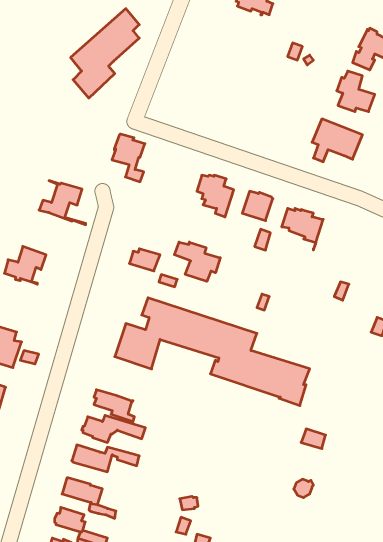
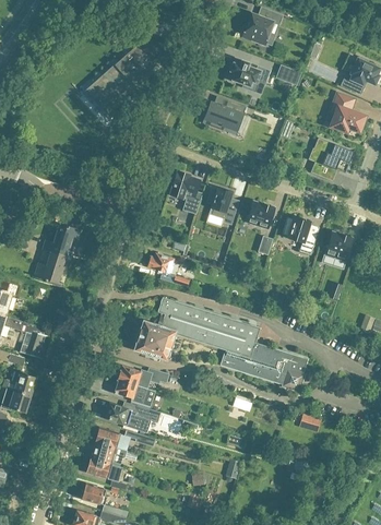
building: none -> [229,59,263,91]
building: none -> [206,98,245,127]
building: [112,134,145,182] -> [169,170,199,213]
building: [39,181,86,225] -> [41,222,83,261]
building: none -> [324,231,350,259]
building: [174,242,220,281] -> none
building: none -> [115,365,167,387]
building: none -> [91,442,126,465]

